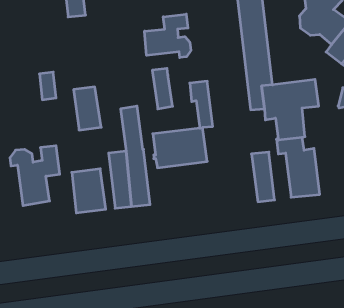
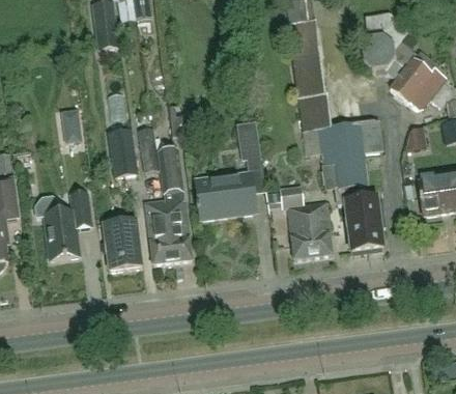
building: [145,14,191,58] -> none
building: [152,68,173,109] -> [136,125,159,171]
building: none -> [280,185,313,258]

